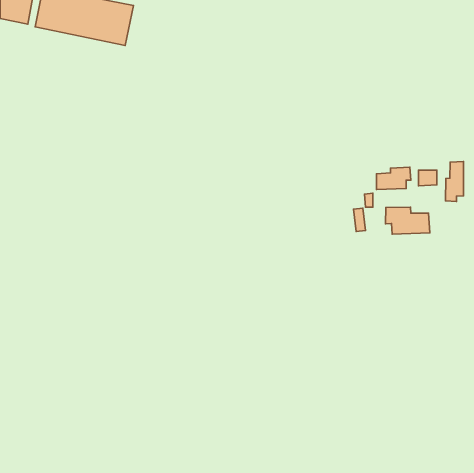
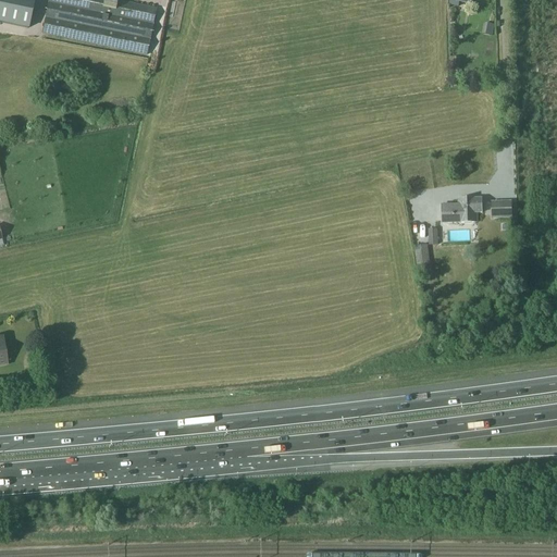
building: [446,162,463,201] -> none
building: [386,207,430,234] -> none

